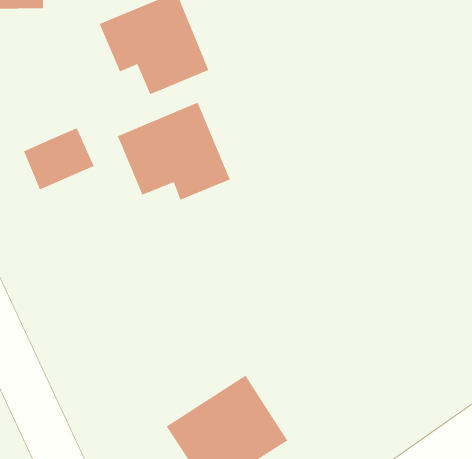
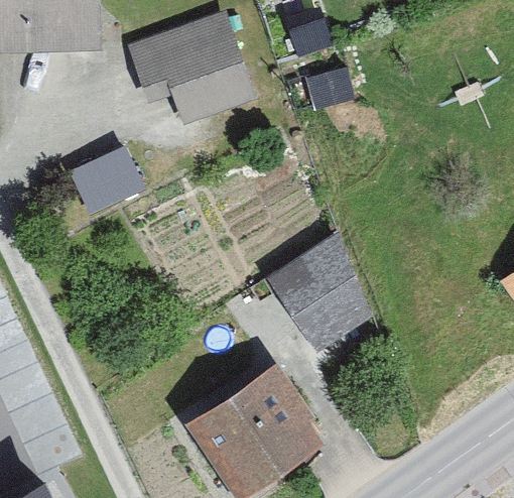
building: [117,102,230,200] -> none
building: none -> [273,251,367,349]

